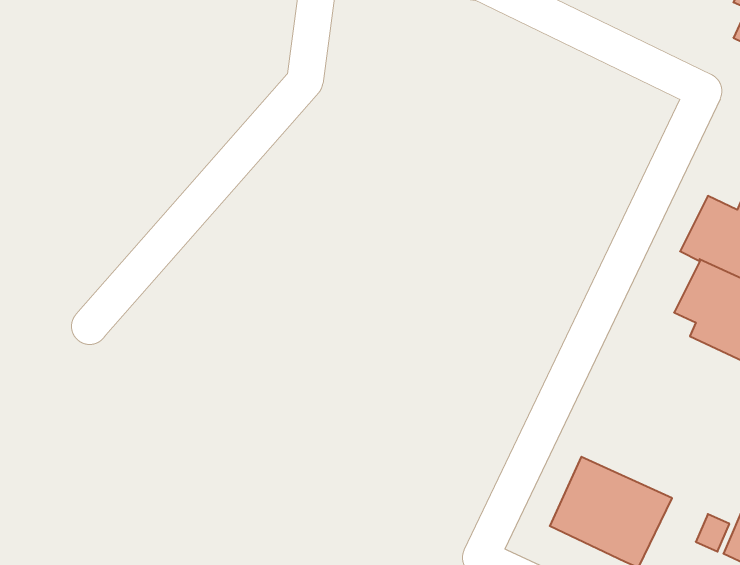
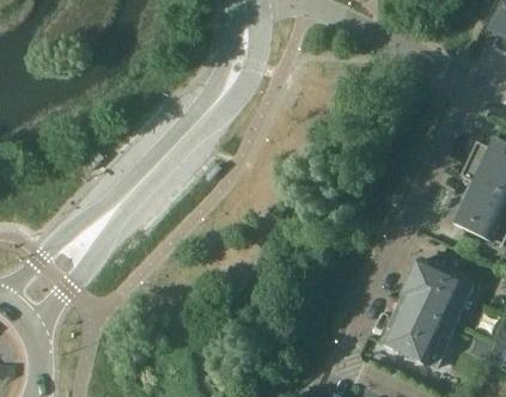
building: none -> [400,258,474,326]

